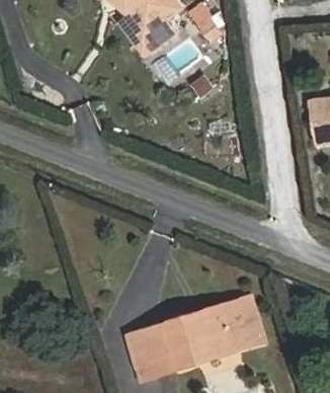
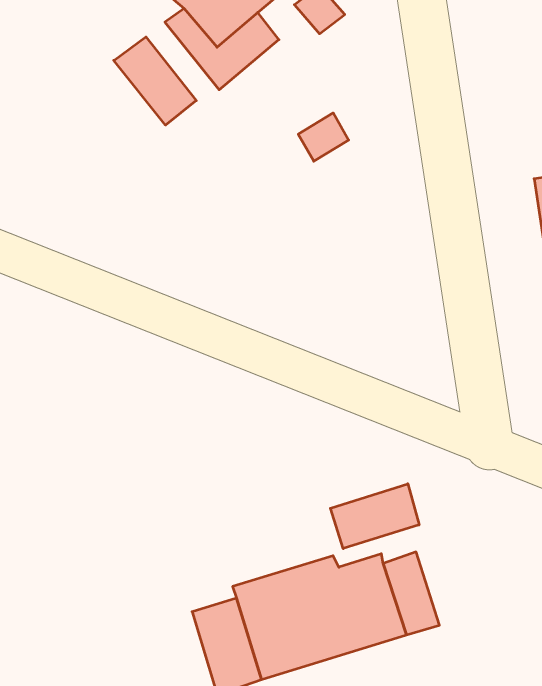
building: none -> [114,37,196,125]
building: none -> [330,484,419,549]

